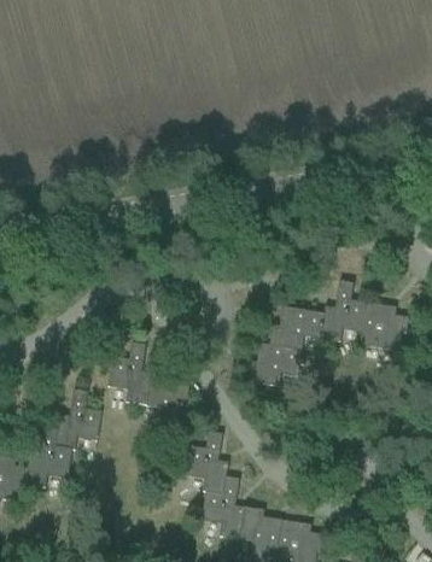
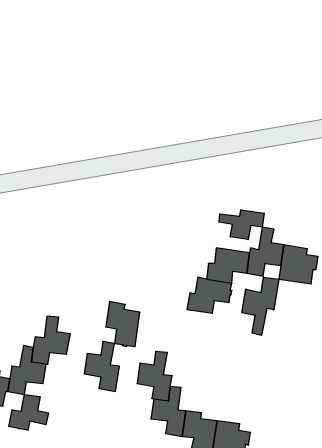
building: none -> [219,210,264,240]
building: none -> [242,277,279,335]
building: [107,343,151,404] -> [84,342,119,391]
building: none -> [9,394,48,430]

